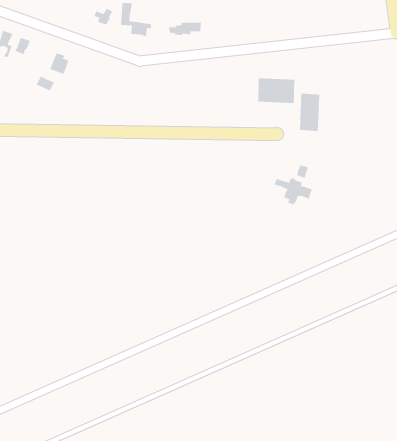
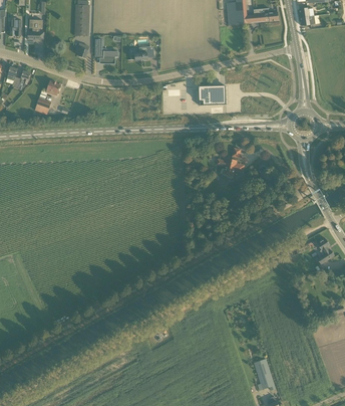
building: [299,93,320,132] -> none

